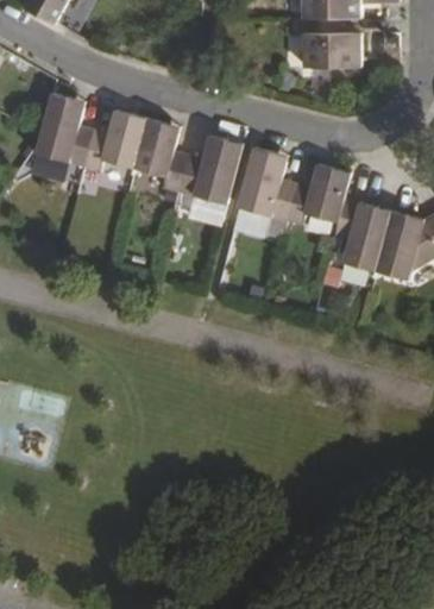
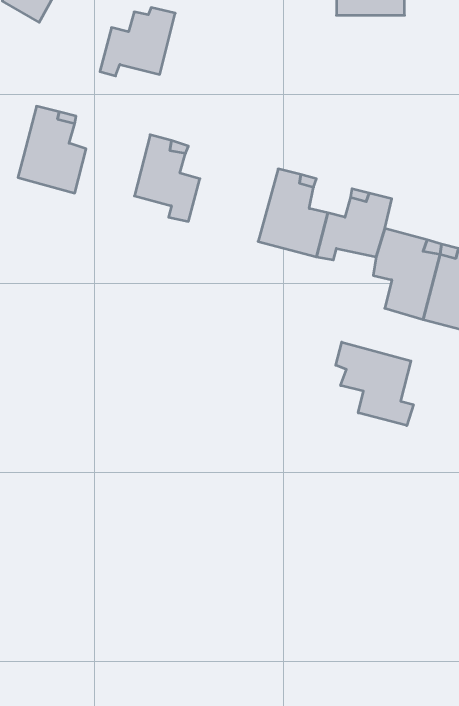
building: [302,18,359,67] -> none
building: [83,113,146,170] -> [100,8,175,76]
building: [178,138,241,205] -> none
building: none -> [336,342,413,426]

